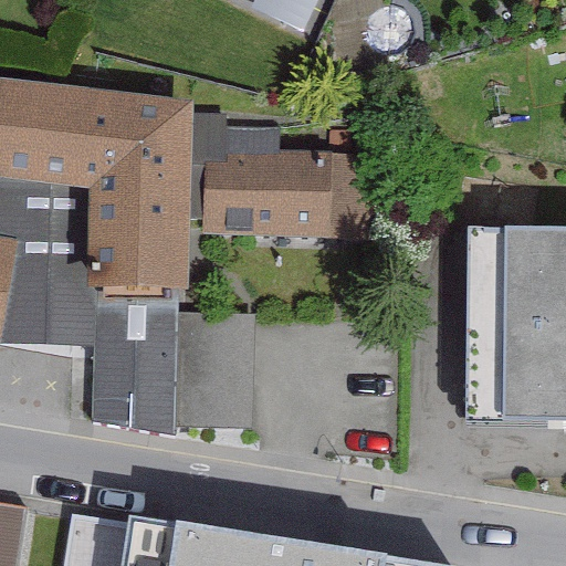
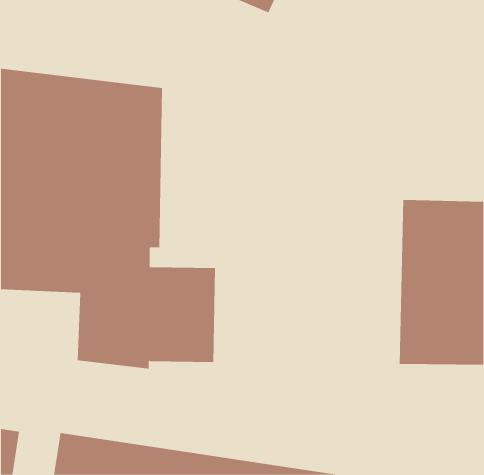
building: [202,125,370,244] -> none

